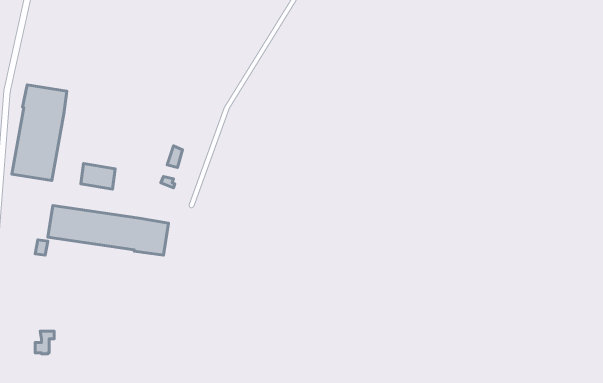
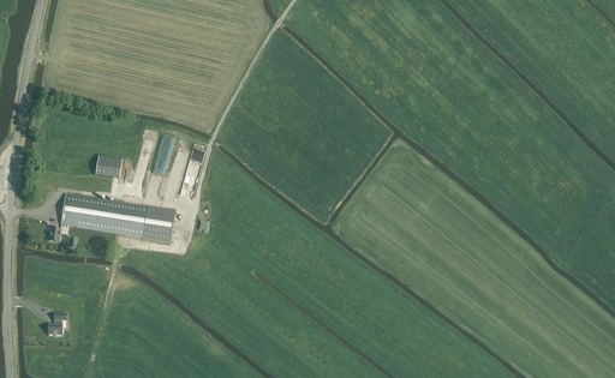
building: [12,85,67,180] -> none

